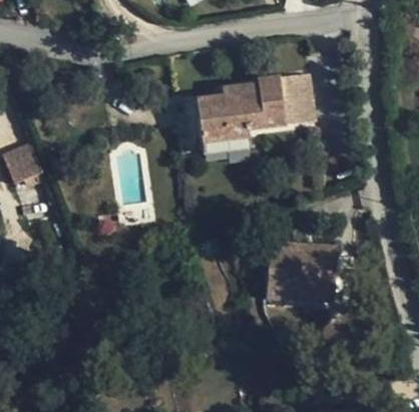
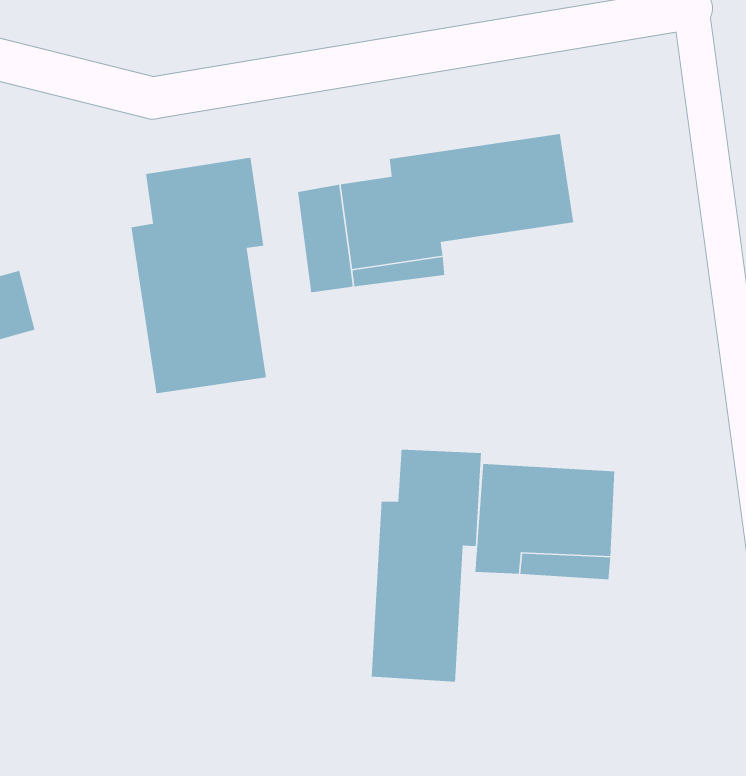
building: none -> [131,157,267,394]
building: none -> [371,449,482,683]

